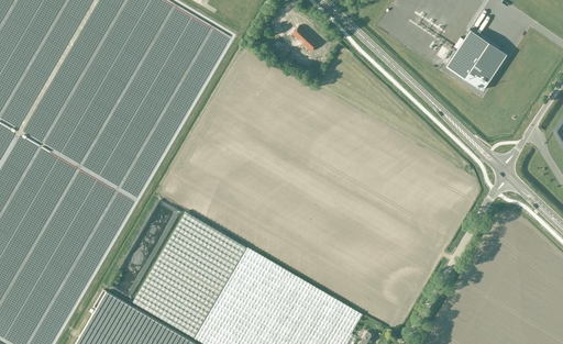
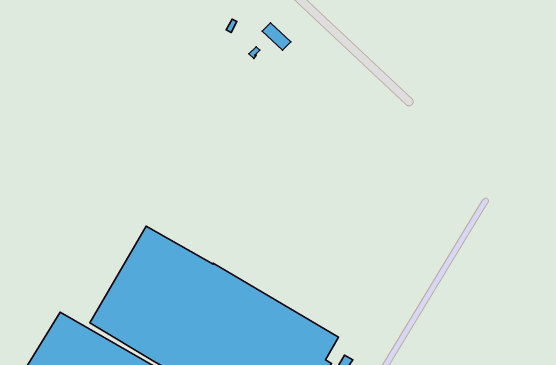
building: [445,29,506,90] -> none

